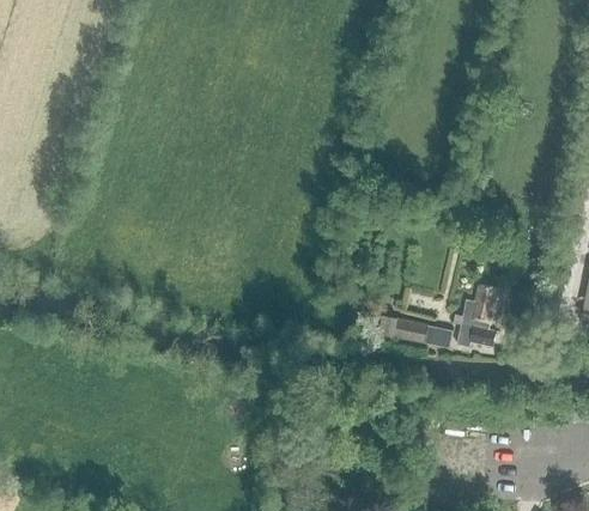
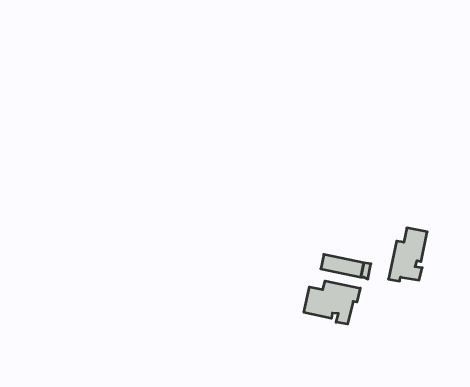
building: none -> [304,281,360,324]

